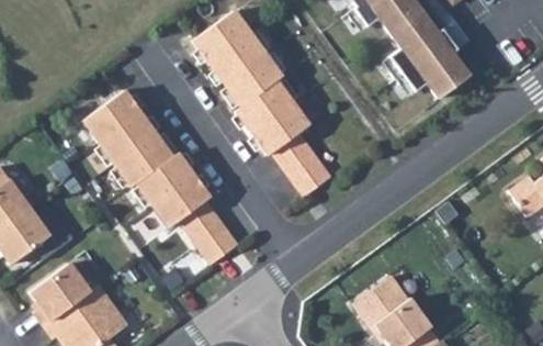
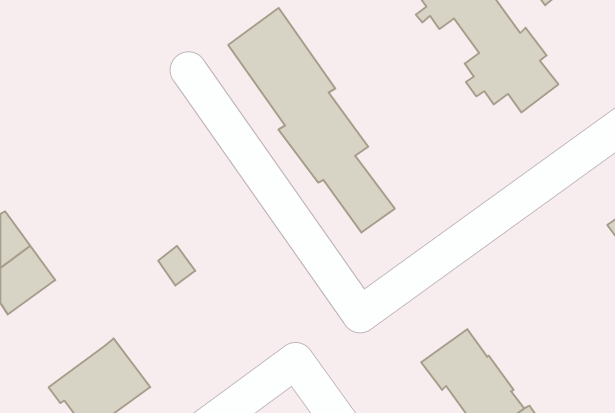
building: [83,90,238,264] -> none
building: [30,261,90,324] -> none

